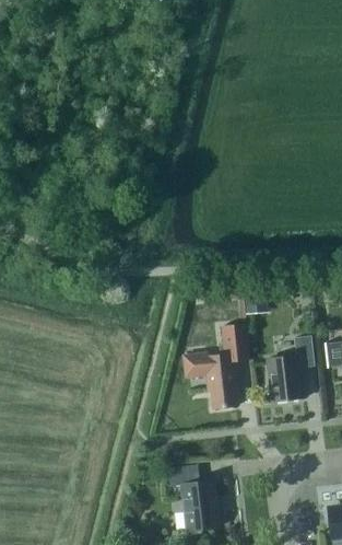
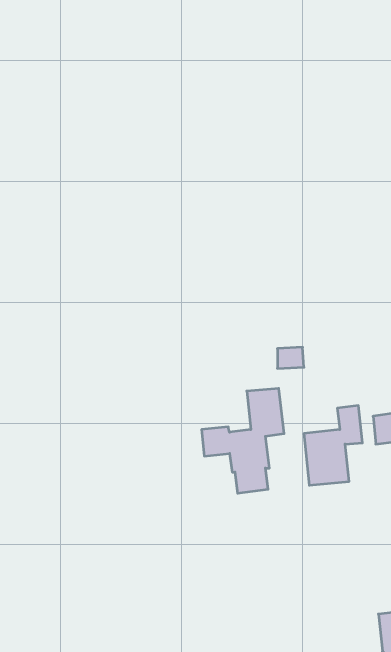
building: [168,465,219,531] -> none

